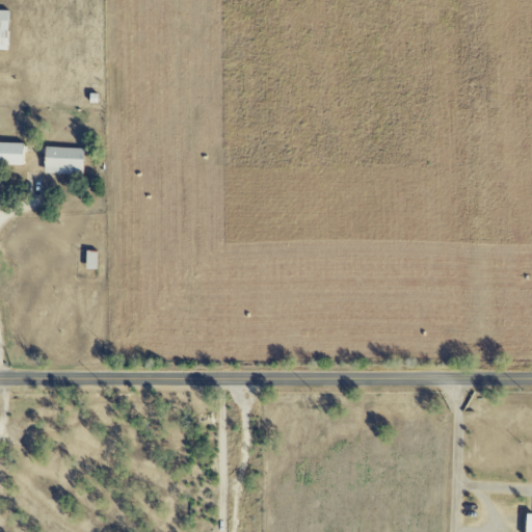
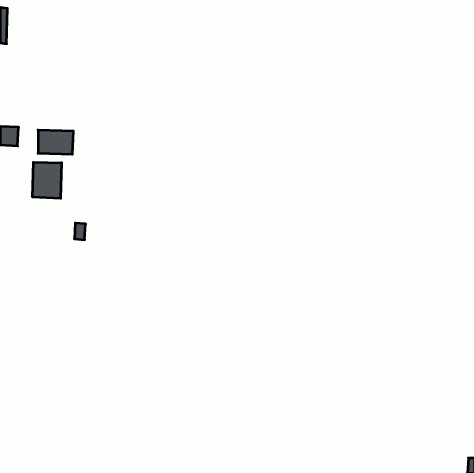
building: none -> [33,162,62,198]

